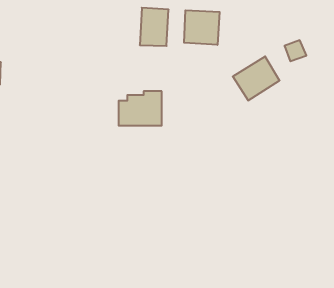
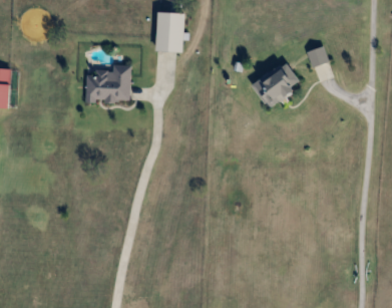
building: [184,10,220,45] -> none
building: [119,91,162,126] -> [86,65,131,101]

